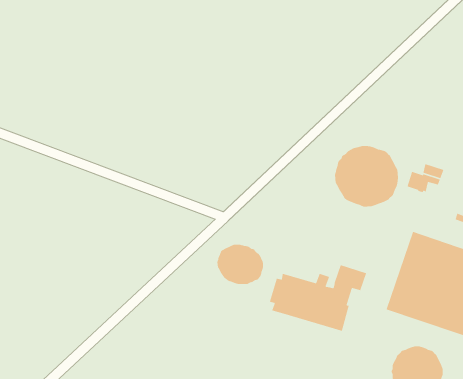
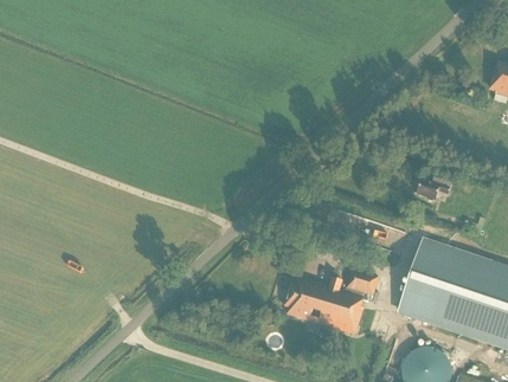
building: [334,145,399,207] -> none
building: [216,244,264,285] -> none

